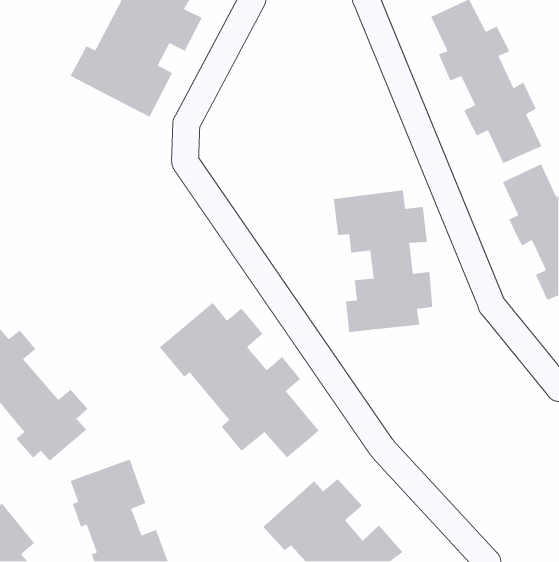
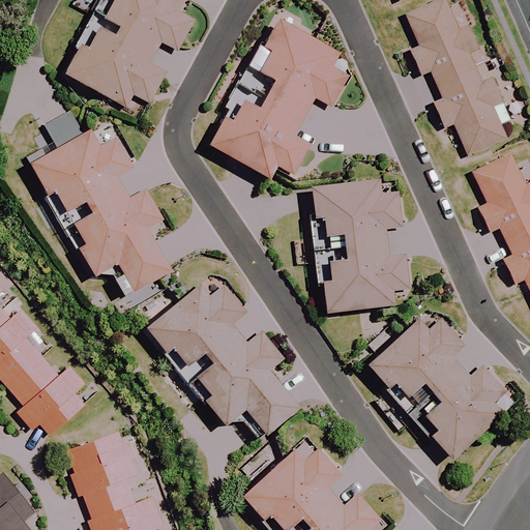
building: none -> [212,19,347,176]
building: none -> [32,127,171,291]
building: none -> [366,318,504,458]

